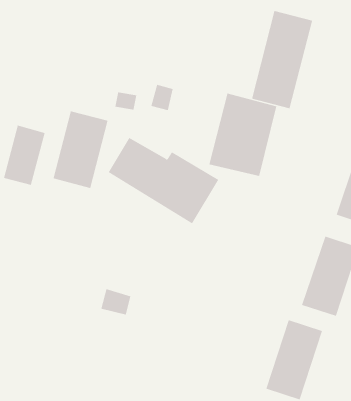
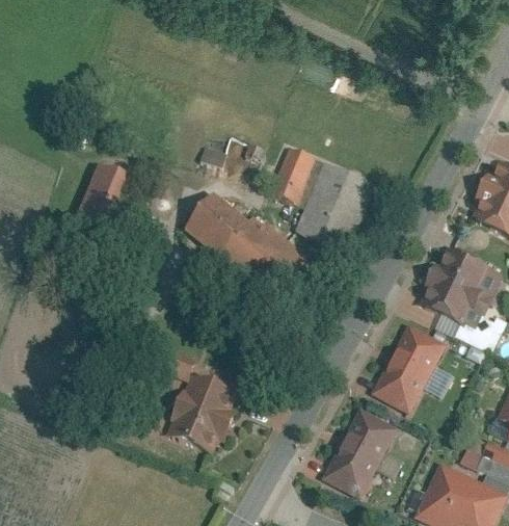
building: [251,10,313,109] -> none
building: none -> [271,146,315,200]
building: [53,111,108,189] -> none
building: none -> [169,375,236,451]

